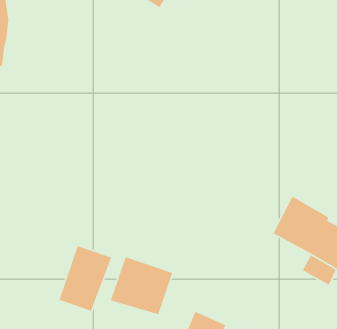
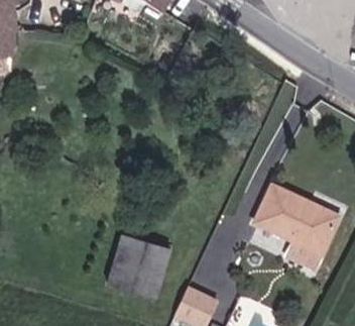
building: [58,245,112,312] -> none

